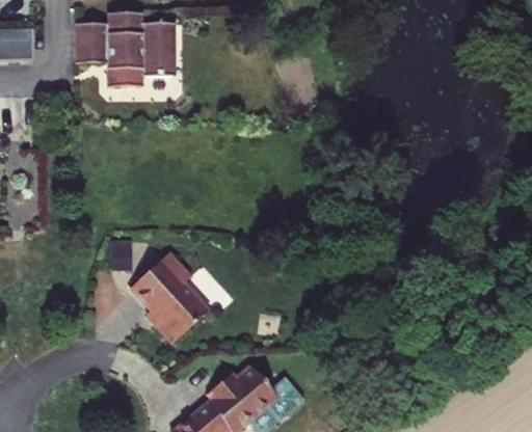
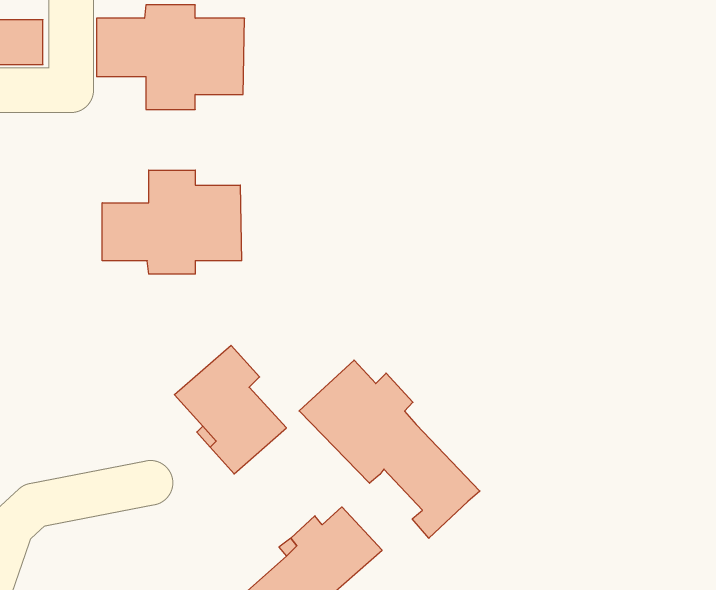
building: none -> [102,170,242,274]
building: none -> [299,360,480,538]

